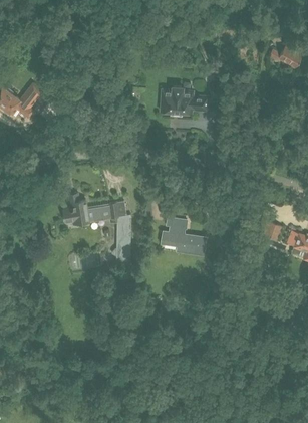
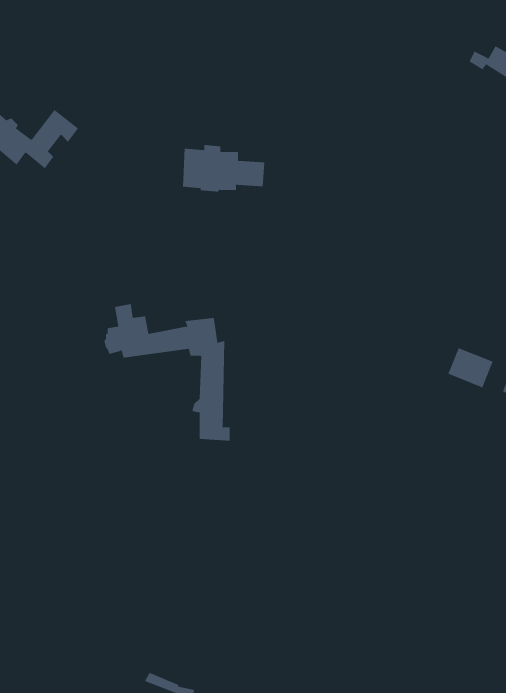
building: [161,87,208,115] -> [182,145,265,192]
building: [162,219,207,254] -> none

